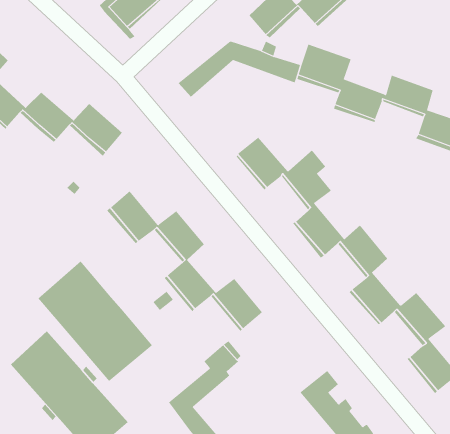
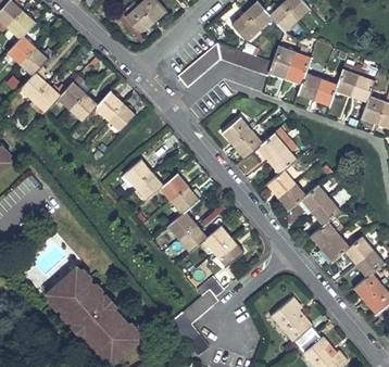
building: [38,260,153,382] -> none

